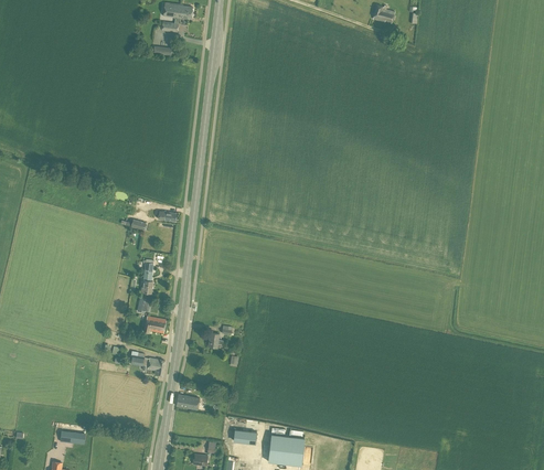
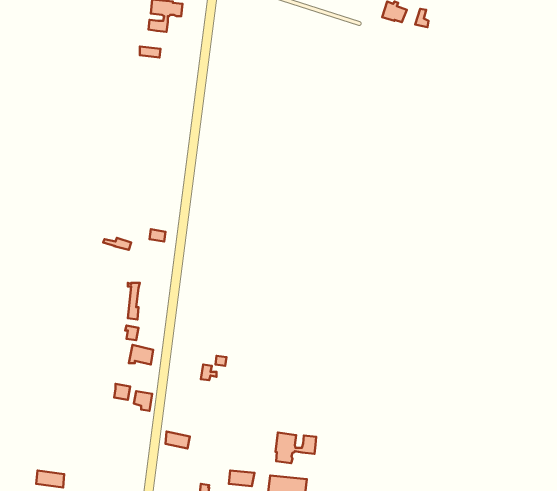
building: none -> [276,432,316,463]

